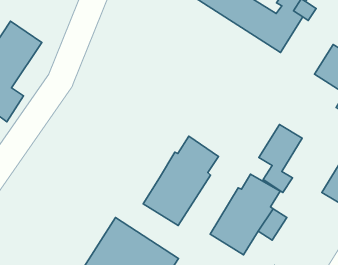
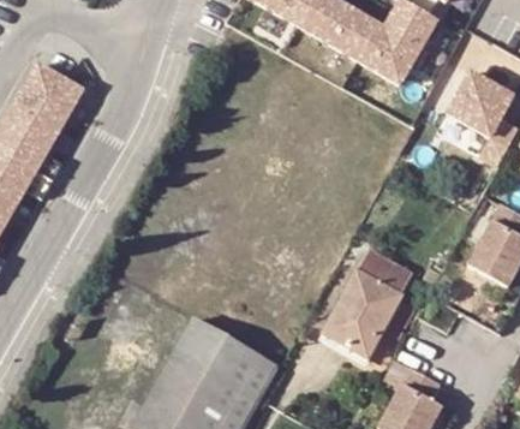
building: [259,125,302,192] -> none
building: [143,136,218,225] -> none

